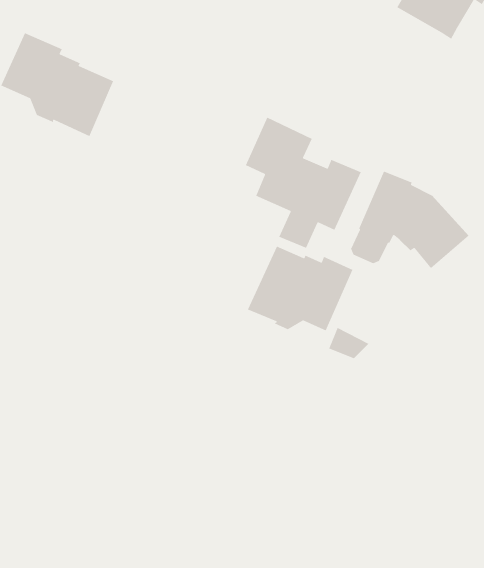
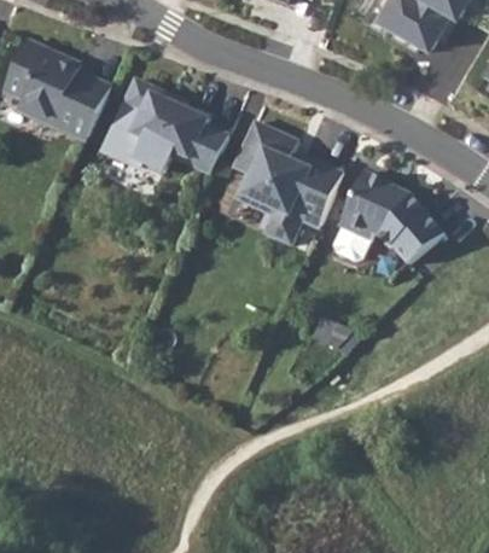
building: none -> [103,77,228,173]
building: [247,246,354,332] -> none

